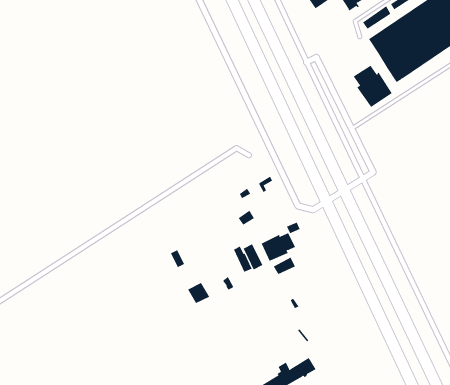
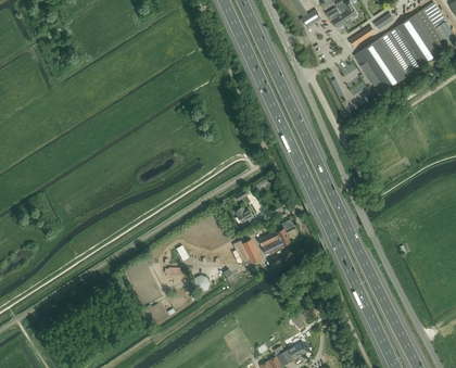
building: [353,65,393,108] -> none

